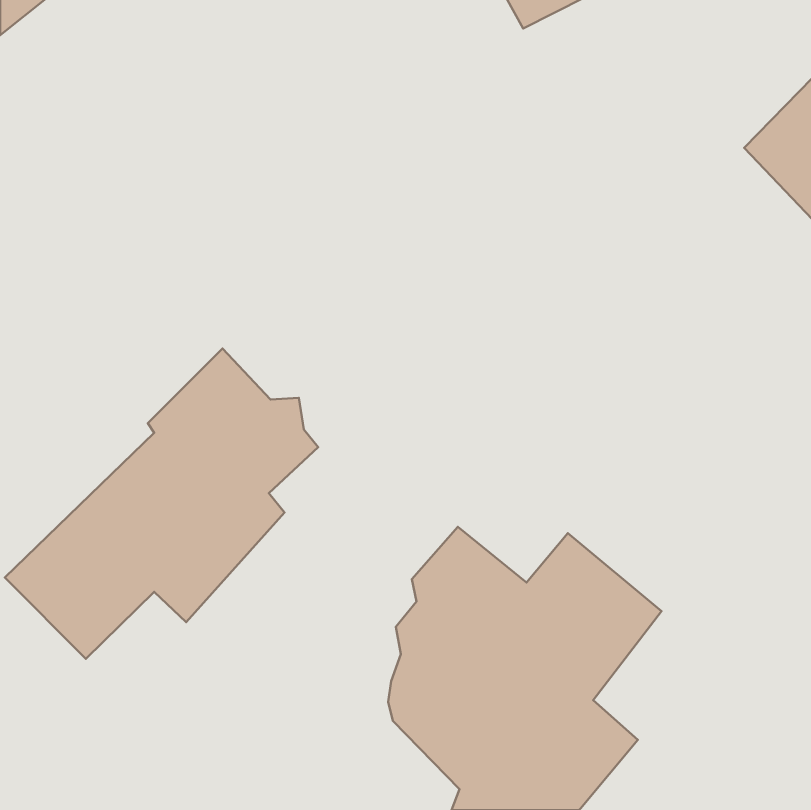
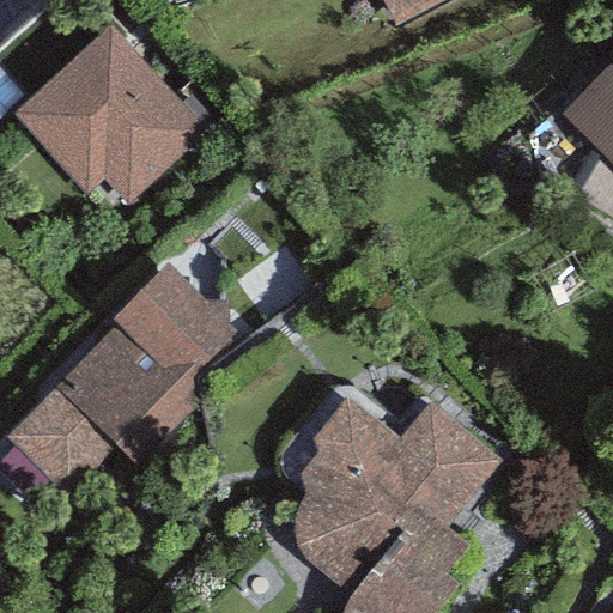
building: none -> [13,24,207,202]

